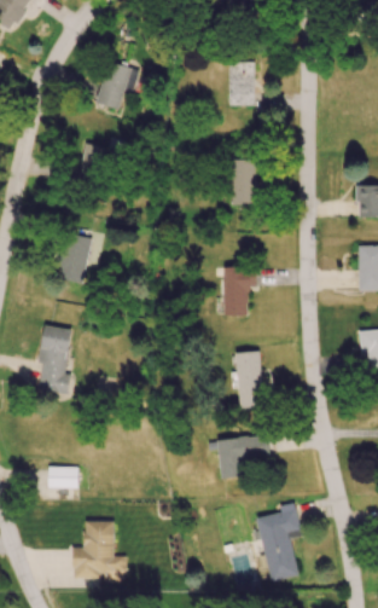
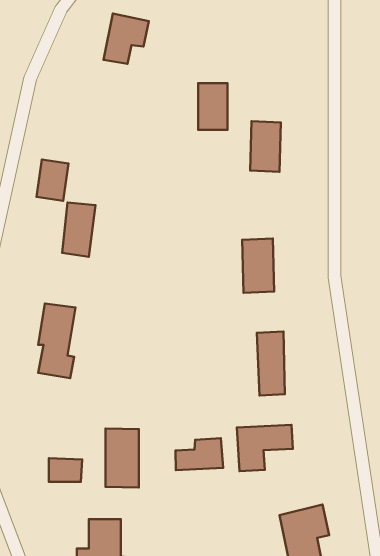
building: [229,62,256,104] -> [198,83,228,130]
building: [80,143,109,180] -> [36,160,68,201]
building: none -> [105,429,139,487]
building: none -> [176,438,223,470]

